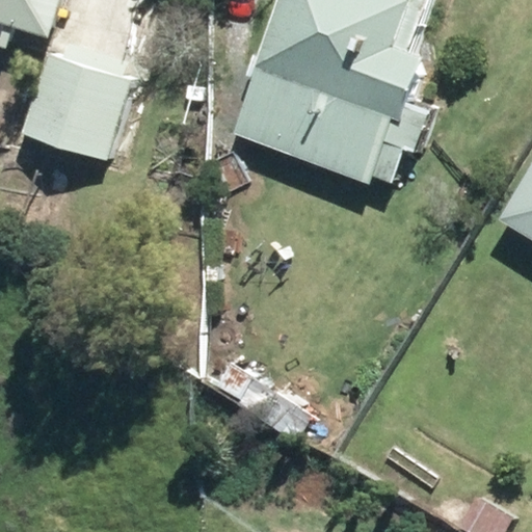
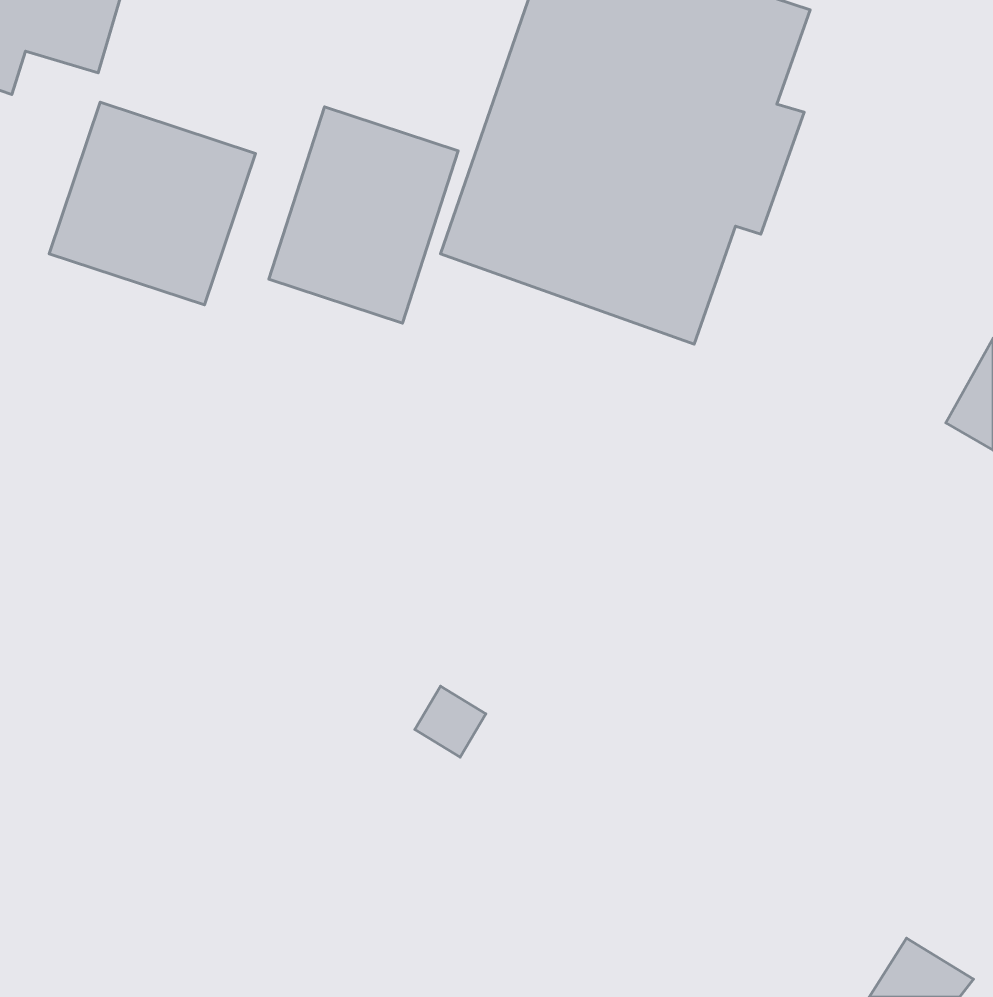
building: none -> [269,107,458,323]

